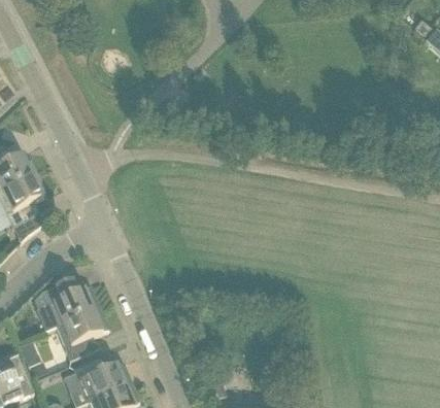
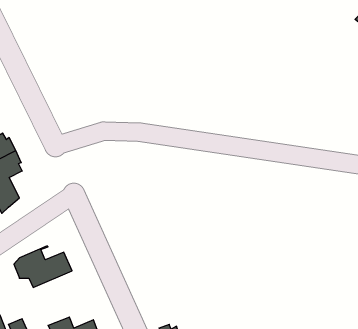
building: [55,307,107,361] -> none

